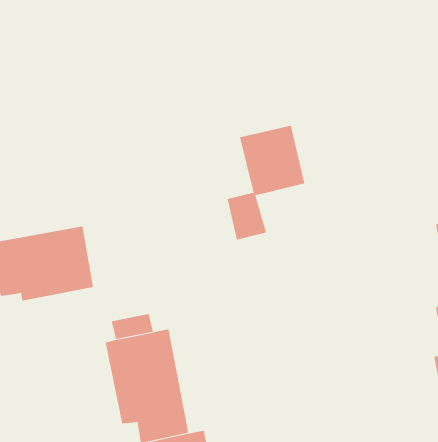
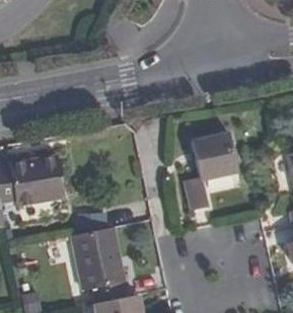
building: [227,125,305,240] -> [186,133,237,209]

